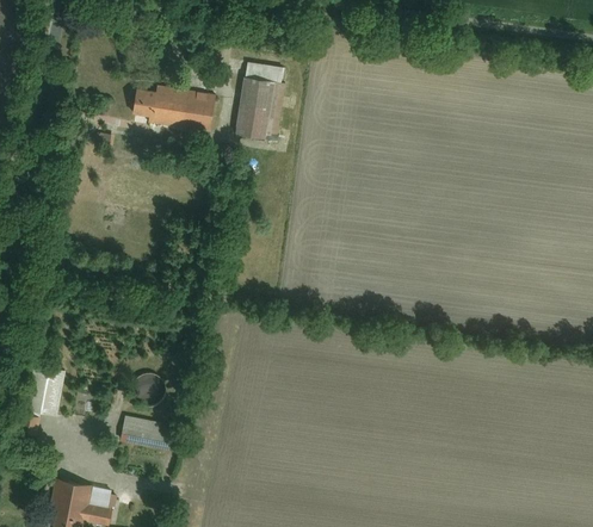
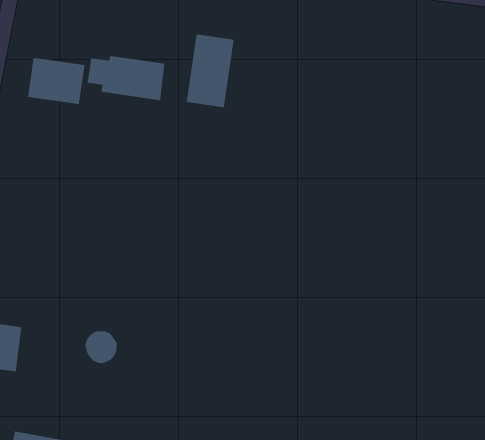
building: none -> [27,57,85,105]
building: [118,415,178,451] -> none

